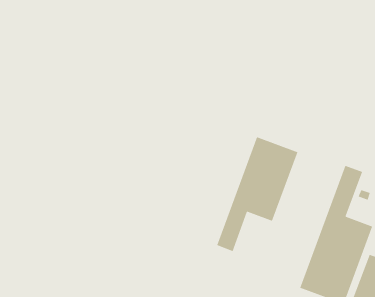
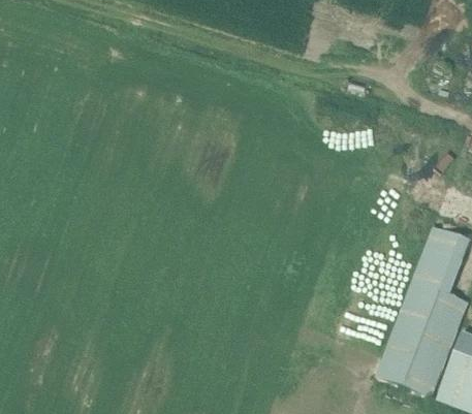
building: [216,136,298,252] -> none

